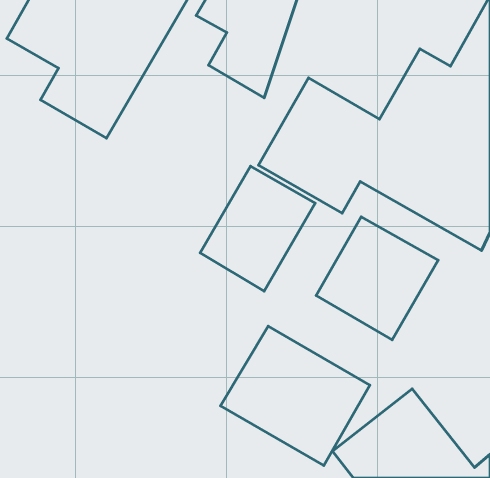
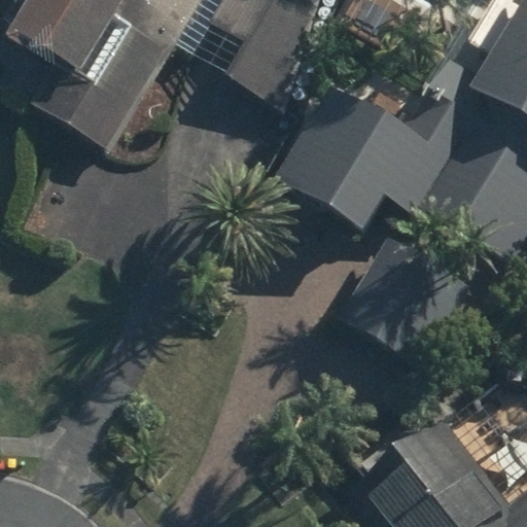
building: [200,166,315,291] -> none
building: [220,326,370,466] -> none

